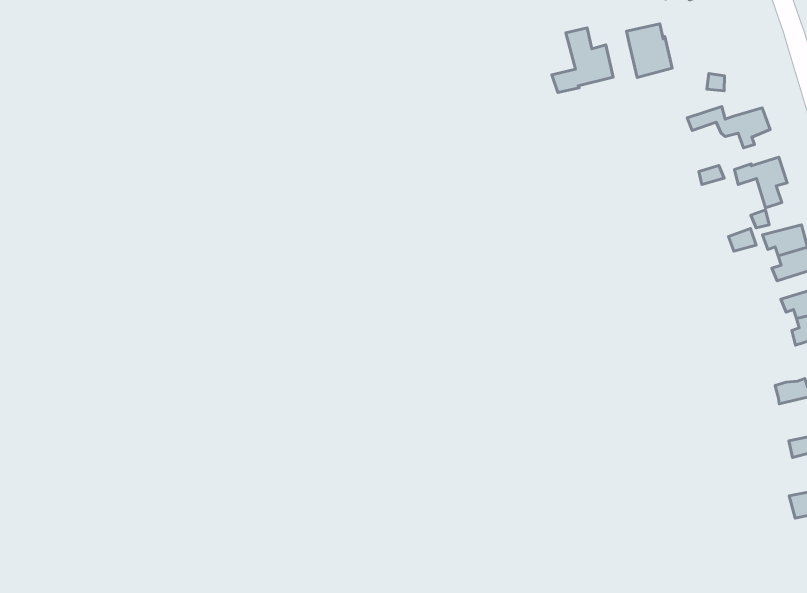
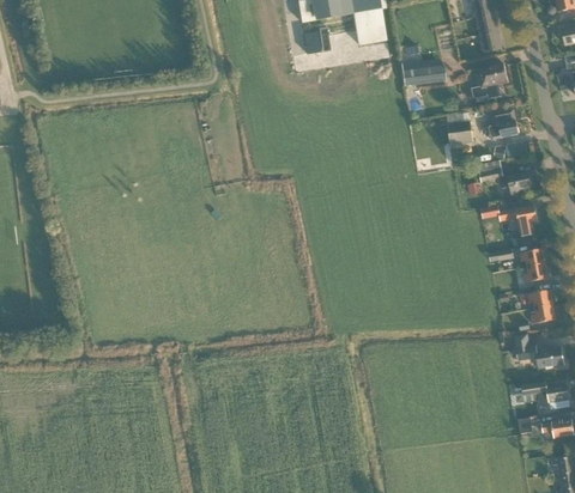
building: none -> [484,109,518,140]
building: [552,28,613,93] -> none

